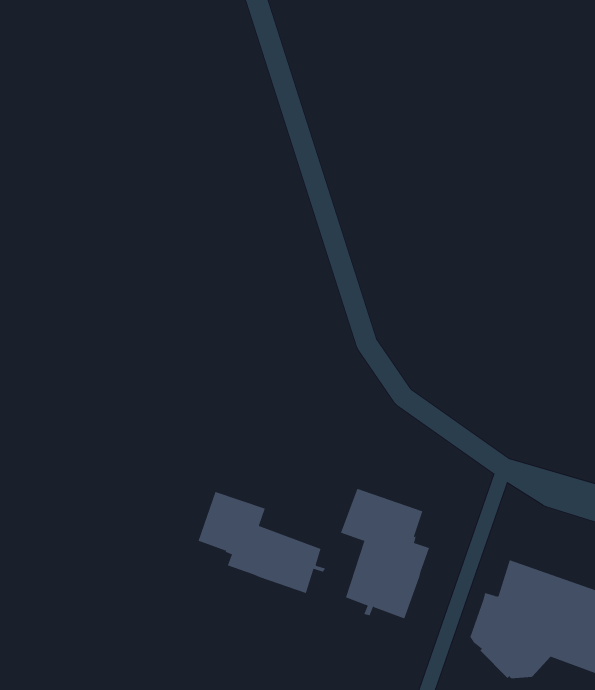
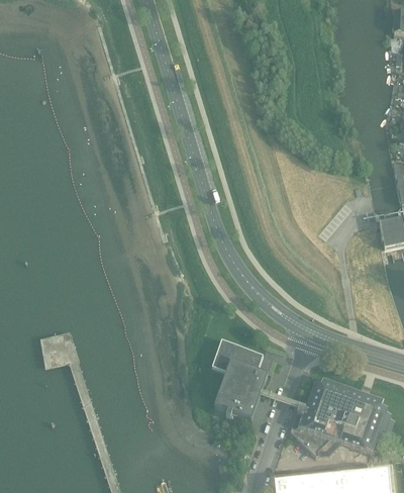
building: [198,491,326,594] -> none

